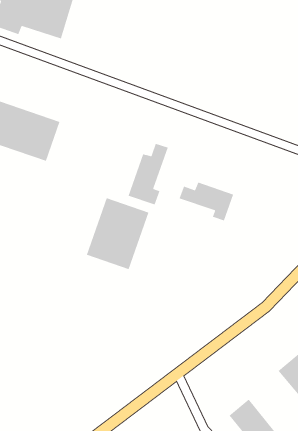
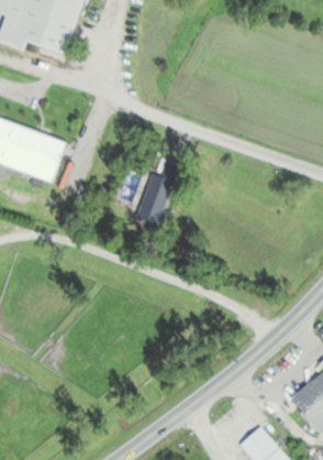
building: [178,182,234,222] -> none
building: [86,197,149,270] -> none

